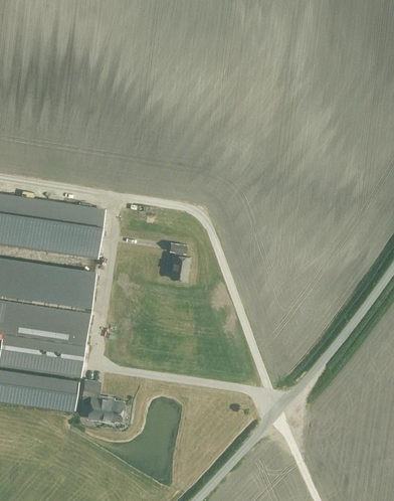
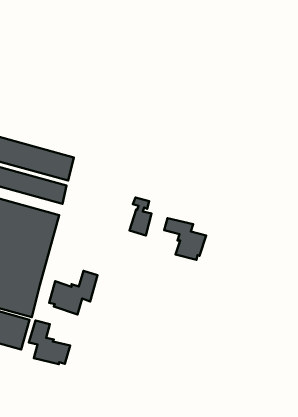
building: none -> [164,218,206,260]
building: none -> [49,271,97,314]

